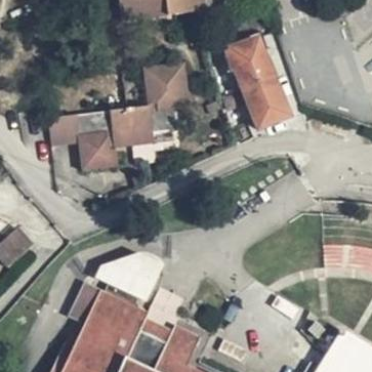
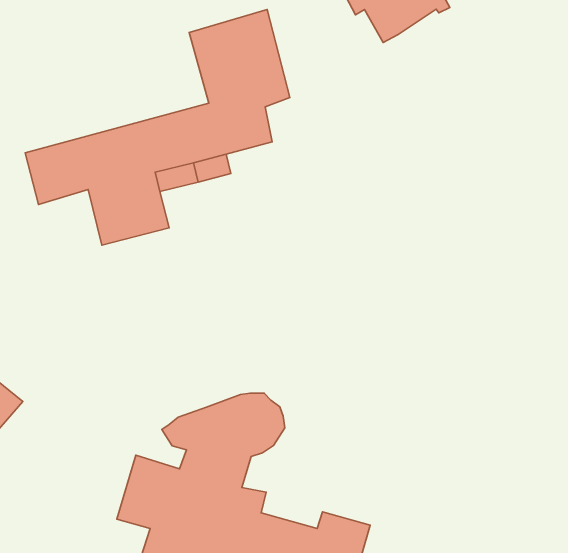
building: [242,75,288,128] -> none

